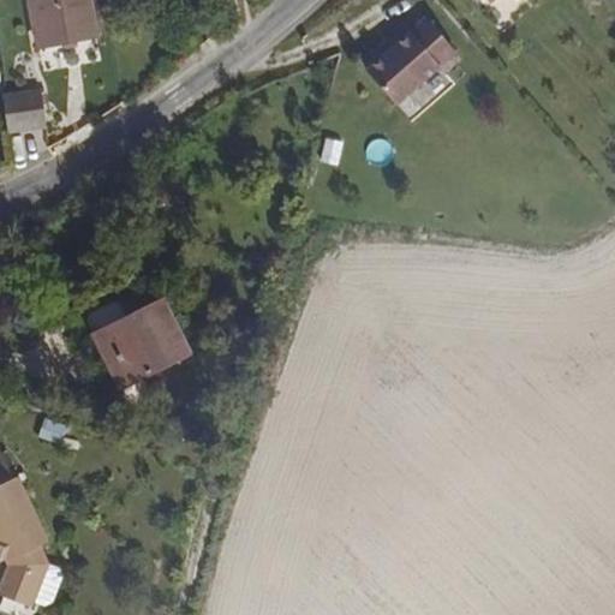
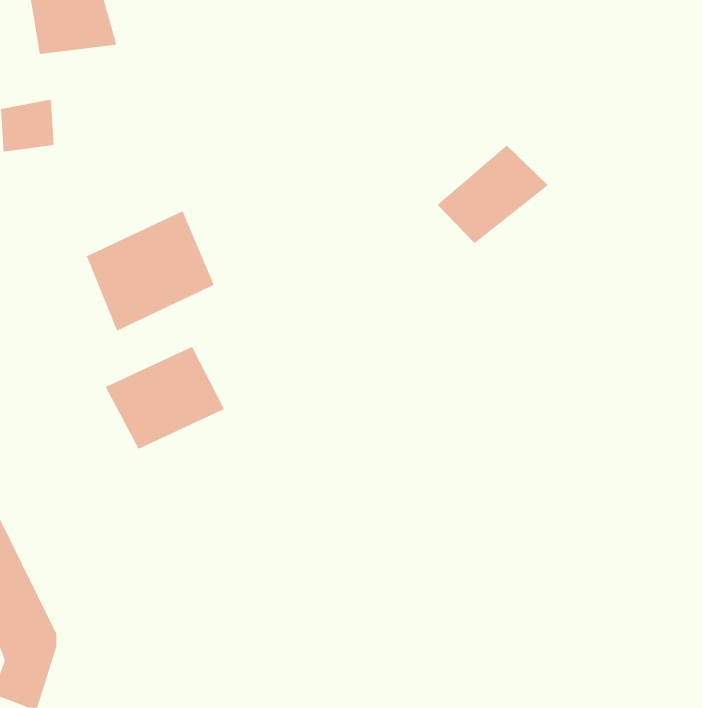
building: [364,16,460,101] -> [437,145,549,244]
building: none -> [86,211,214,332]

